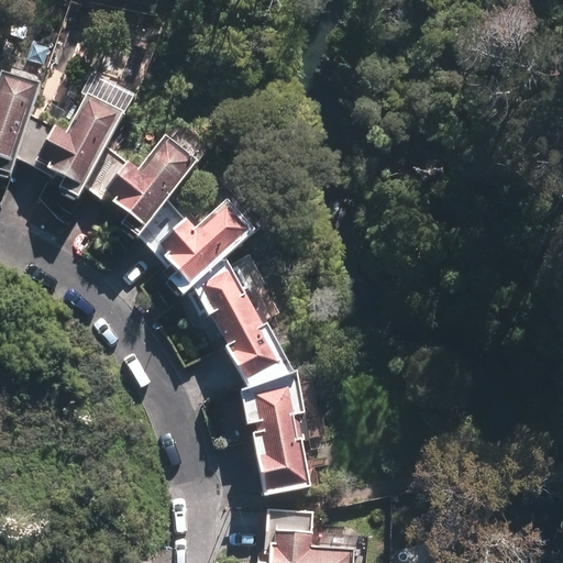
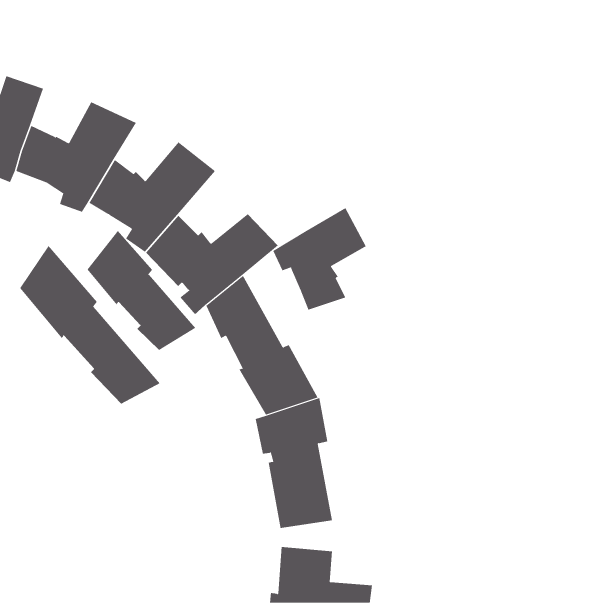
building: none -> [272,207,366,311]
building: none -> [87,230,196,351]
building: none -> [20,245,160,405]

